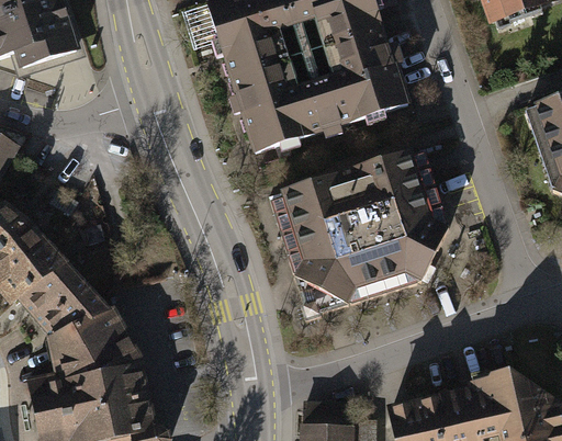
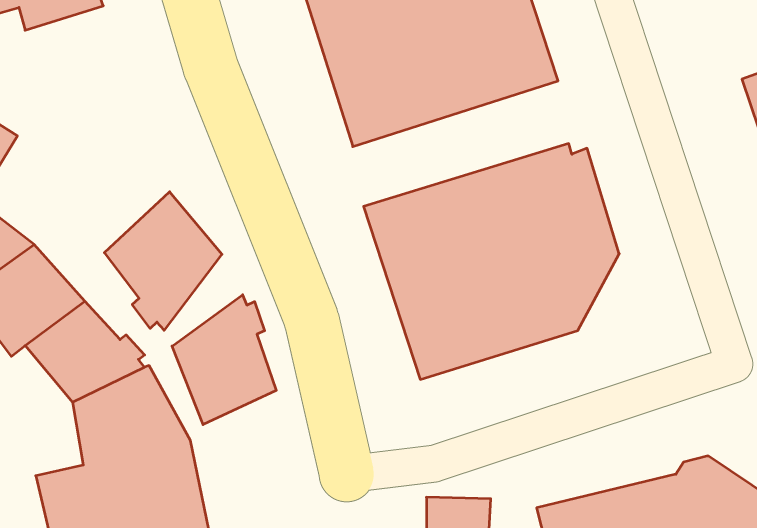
building: none -> [104,192,222,330]
building: none -> [172,295,276,425]

